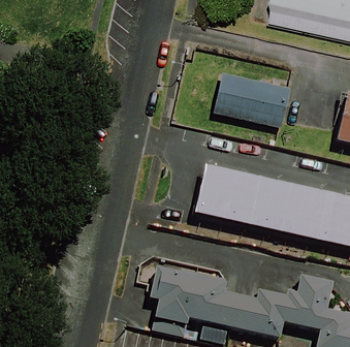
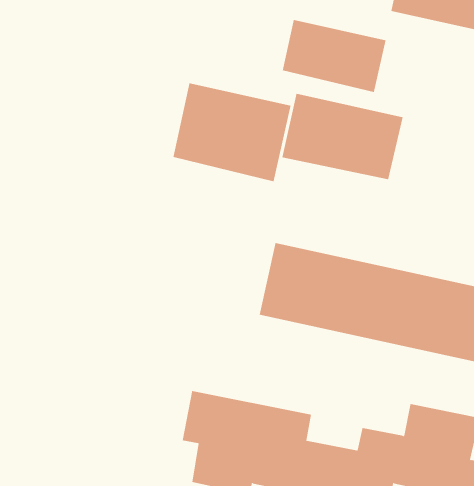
building: none -> [282,19,386,93]
building: none -> [173,83,291,182]

